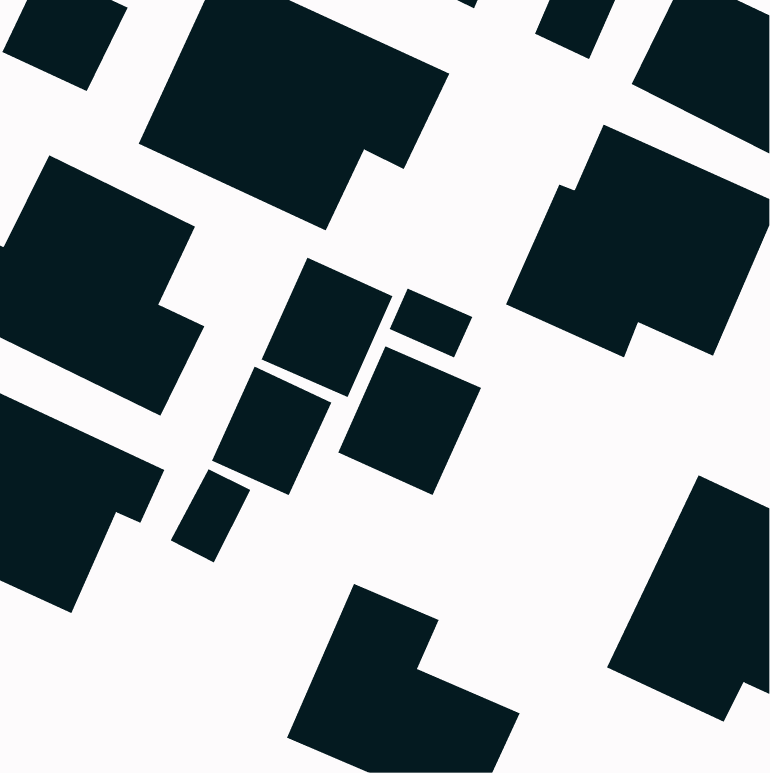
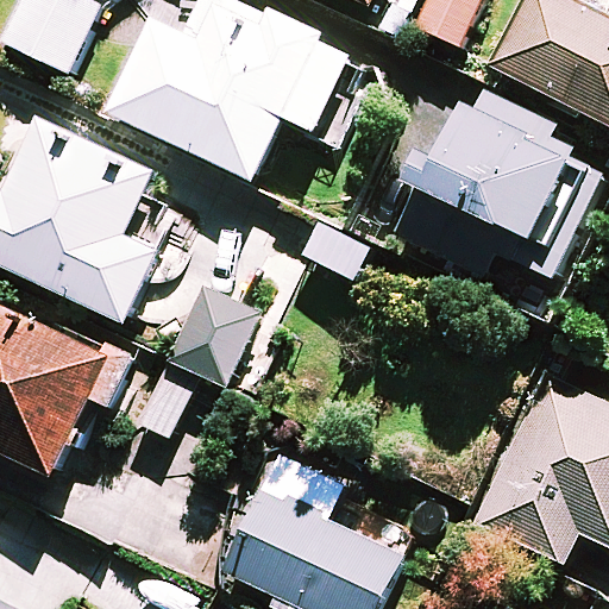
building: [261,257,393,398] -> none
building: [338,346,482,496] -> none

